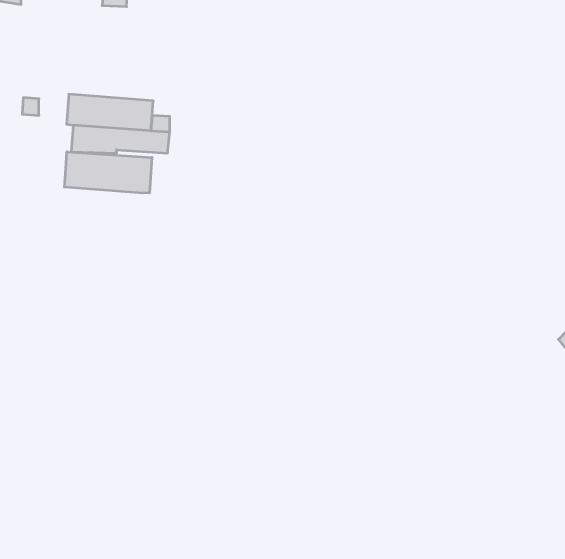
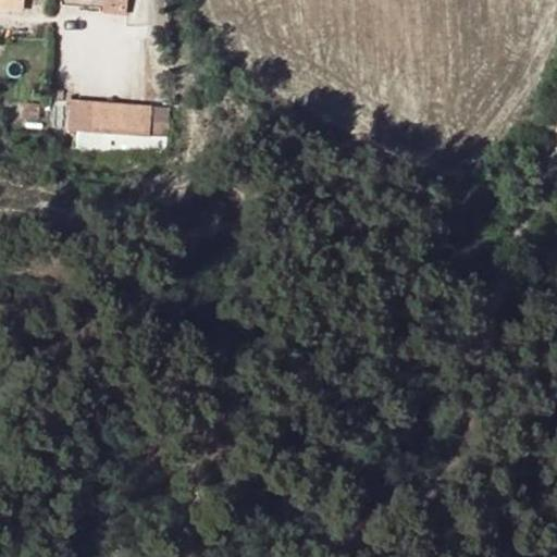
building: [64,152,152,193] -> none

